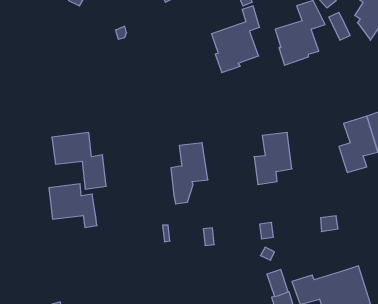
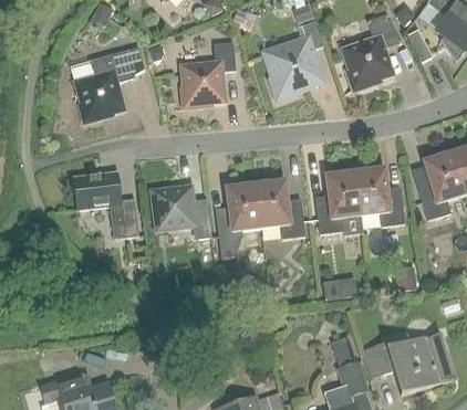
building: none -> [180,42,236,108]
building: none -> [74,46,144,124]
building: none -> [355,167,405,225]
building: none -> [253,180,304,239]
building: [49,184,97,227] -> [153,187,210,239]

